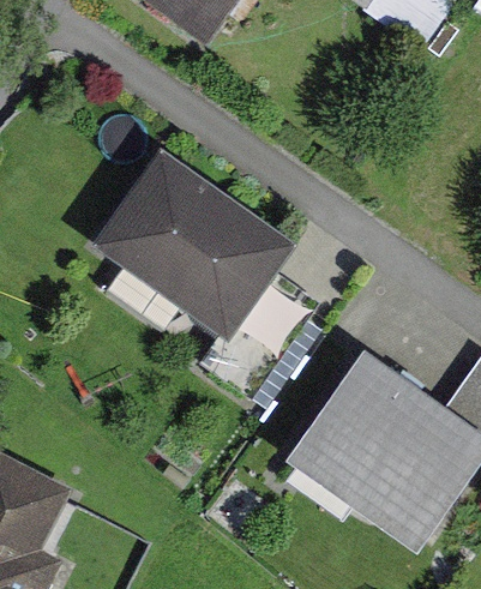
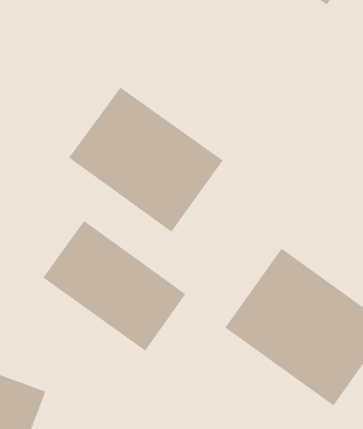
building: none -> [43,220,186,352]

